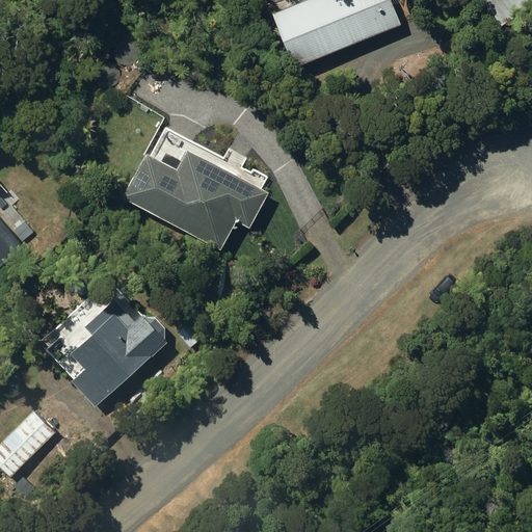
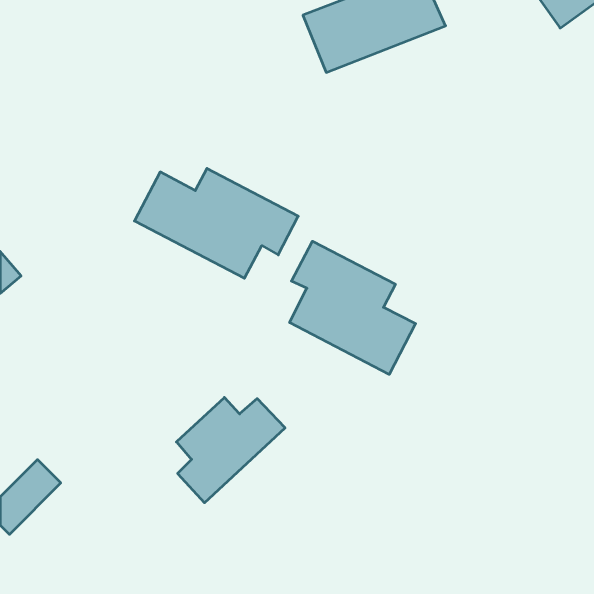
building: none -> [290,241,416,374]
building: [72,313,168,406] -> [176,397,285,503]

